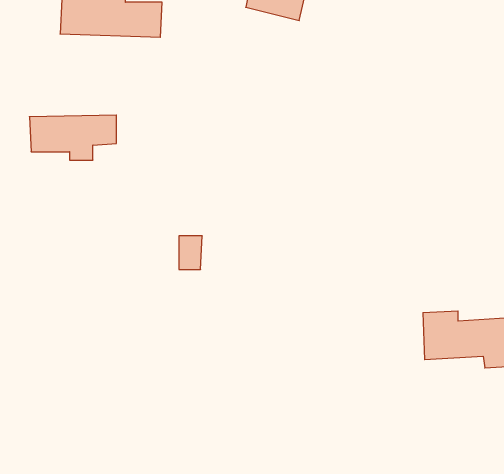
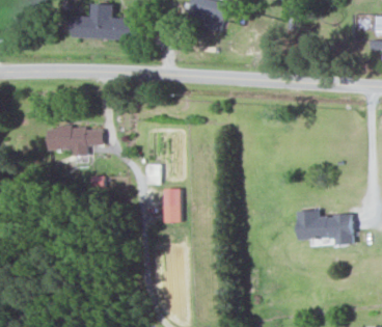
building: [29,115,116,160] -> [47,127,101,155]
building: none -> [163,188,180,222]

